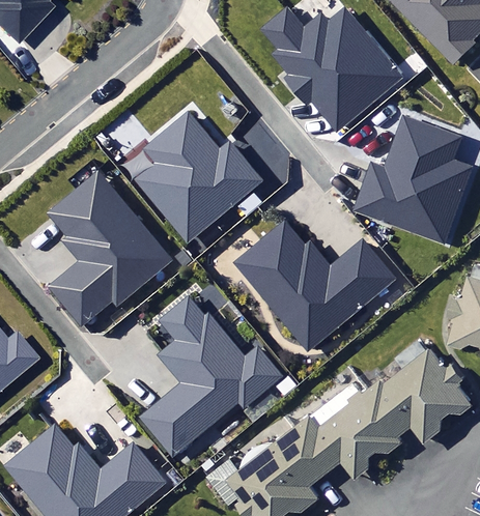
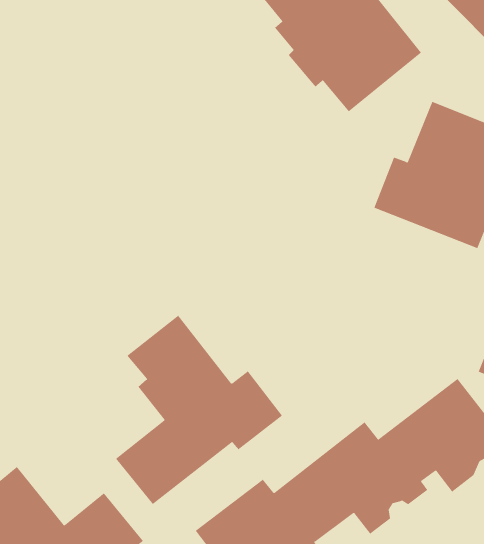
building: [138,113,261,242] -> none
building: [50,174,168,320] -> none
building: [236,220,394,350] -> none

